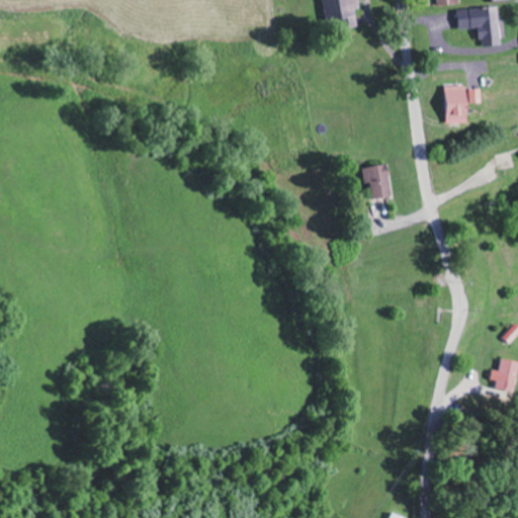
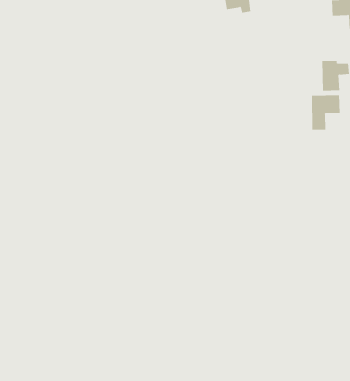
building: none -> [312,94,340,130]
building: [363,164,393,198] -> none

